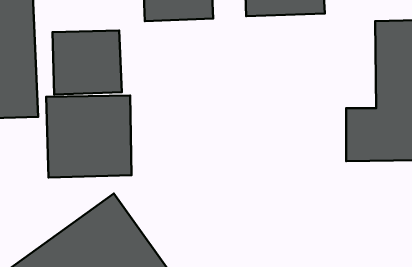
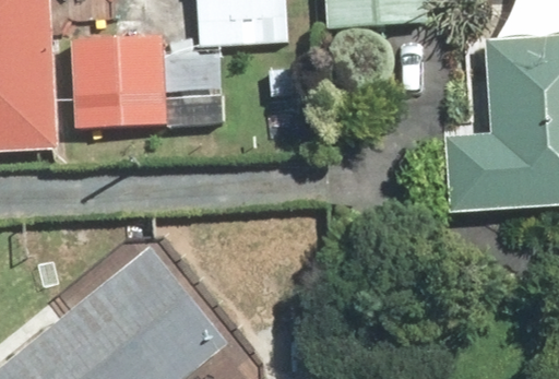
building: [46,96,131,178] -> none

